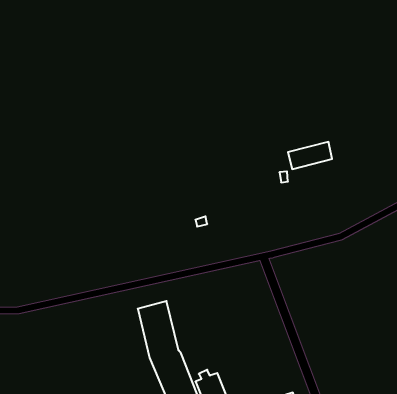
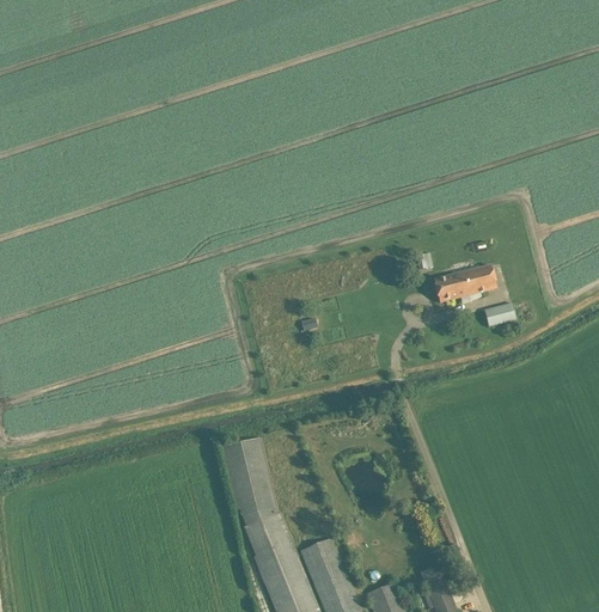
building: [288,142,332,169] -> [434,265,496,304]
building: none -> [482,302,514,328]

